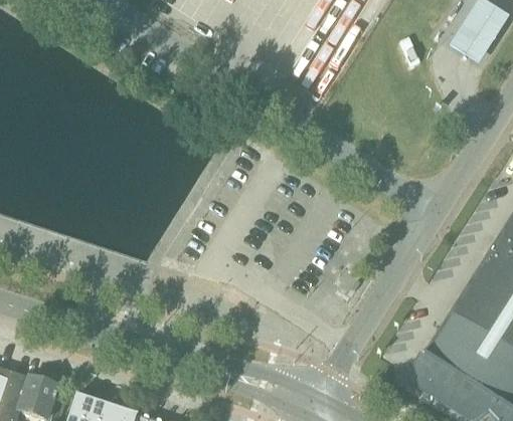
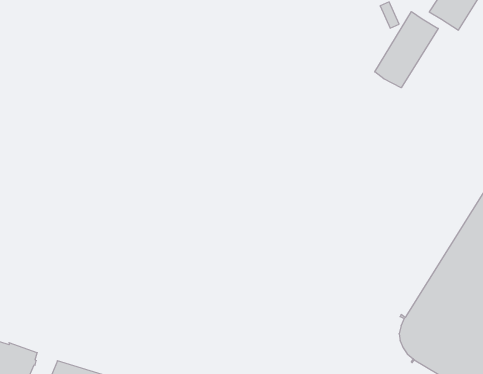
building: none -> [375,12,438,88]

